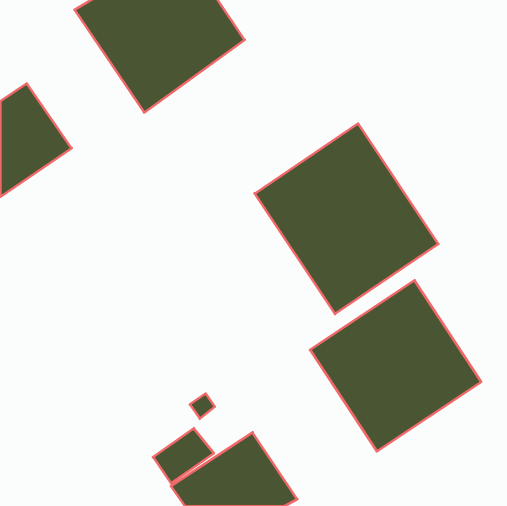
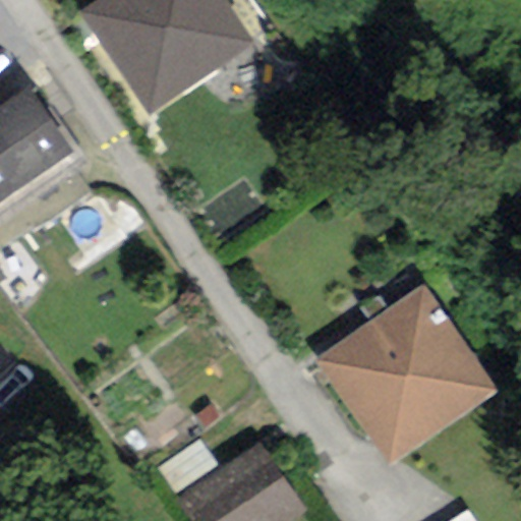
building: [255,124,438,314] -> none

